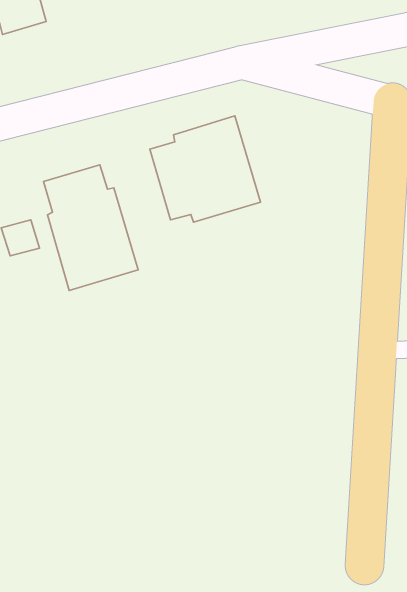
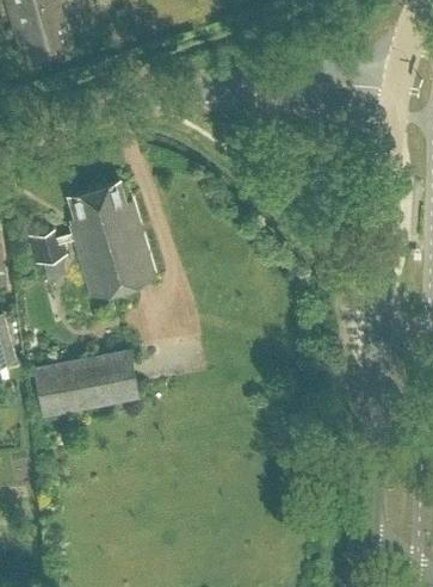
building: [150,116,261,222] -> none
building: none -> [35,350,141,418]

